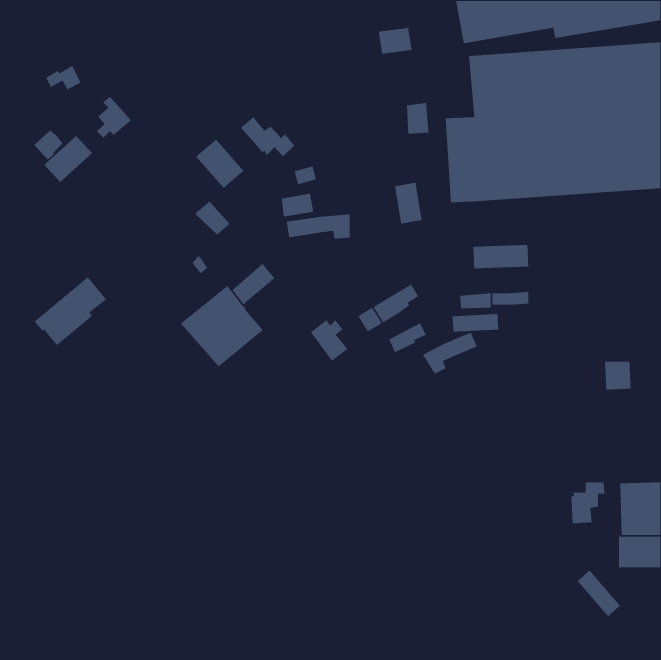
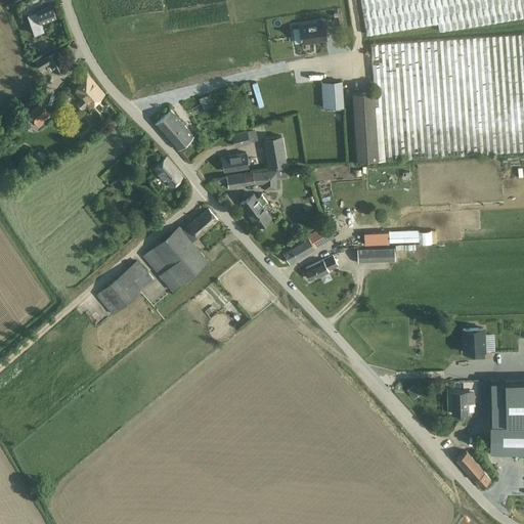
building: none -> [28,7,56,35]
building: [240,116,295,157] -> none
building: [44,135,93,183] -> none
building: [394,182,423,225] -> [264,136,287,170]
building: [473,244,529,269] -> none
building: [33,276,107,346] -> [94,261,152,316]
building: [310,319,349,362] -> [241,194,271,228]
building: [422,332,478,375] -> none
building: [604,361,631,391] -> [463,330,484,353]

